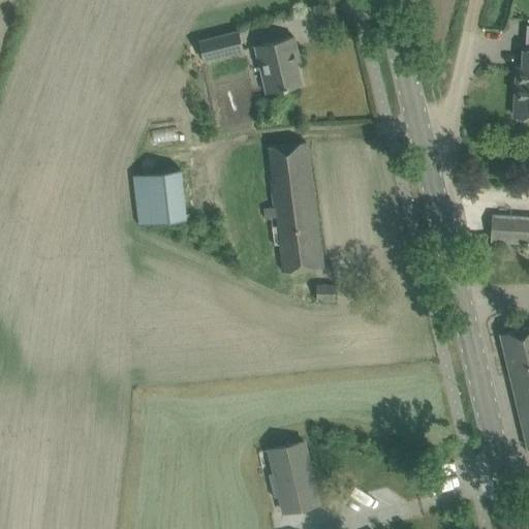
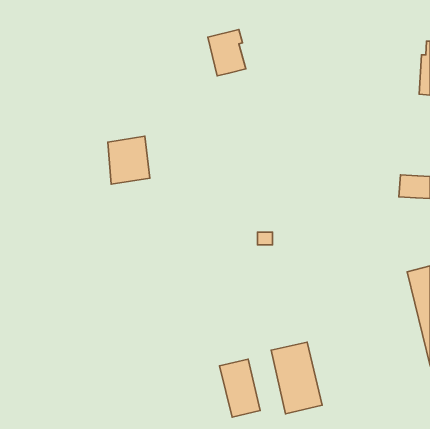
building: [199,32,244,60] -> none
building: [254,143,321,273] -> none
building: none -> [271,342,322,414]

